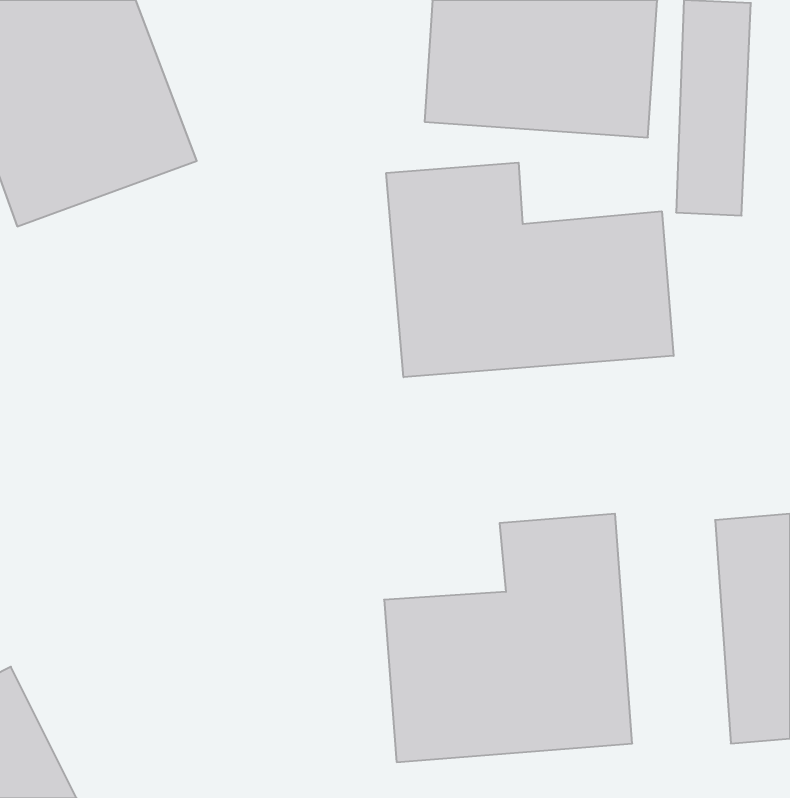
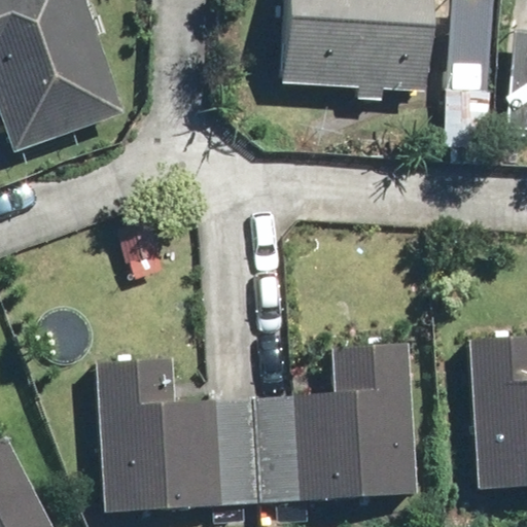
building: [386,163,674,377] -> none
building: none -> [97,357,261,514]

